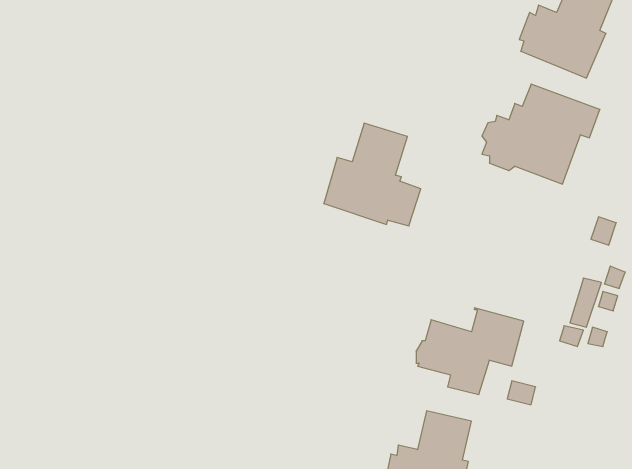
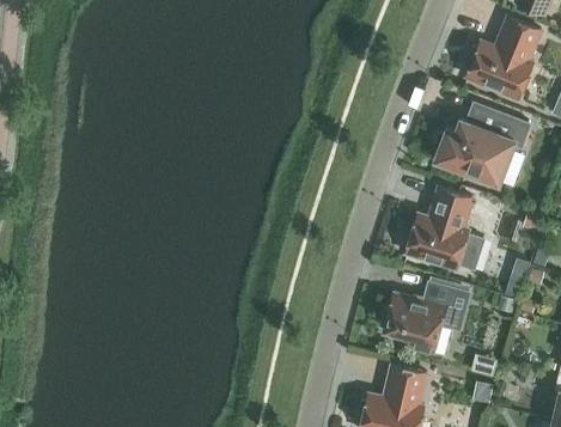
building: [324,123,421,226] -> [405,187,483,269]

